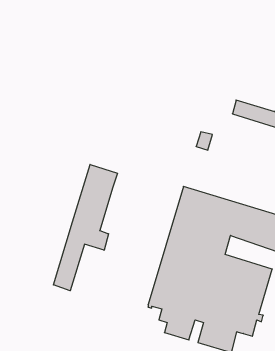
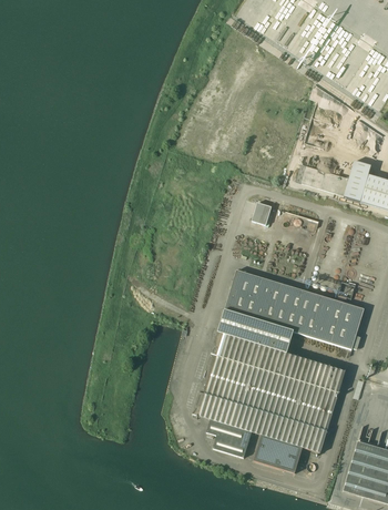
building: [53,164,117,291] -> none

